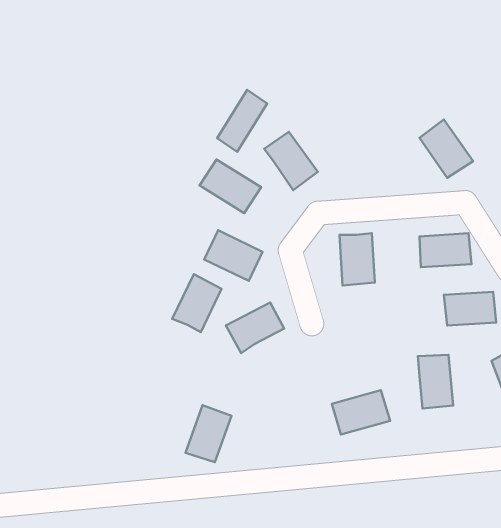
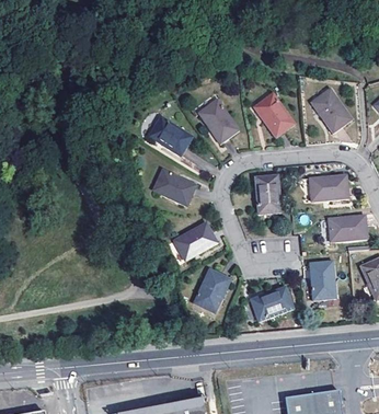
building: [217,90,267,152] -> none
building: none -> [256,97,295,138]
building: [172,274,222,332] -> none
building: [185,405,232,462] -> [196,267,229,308]

